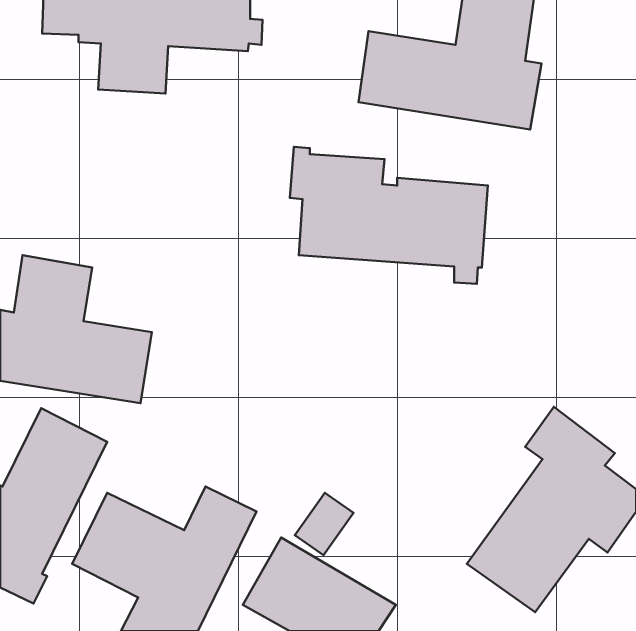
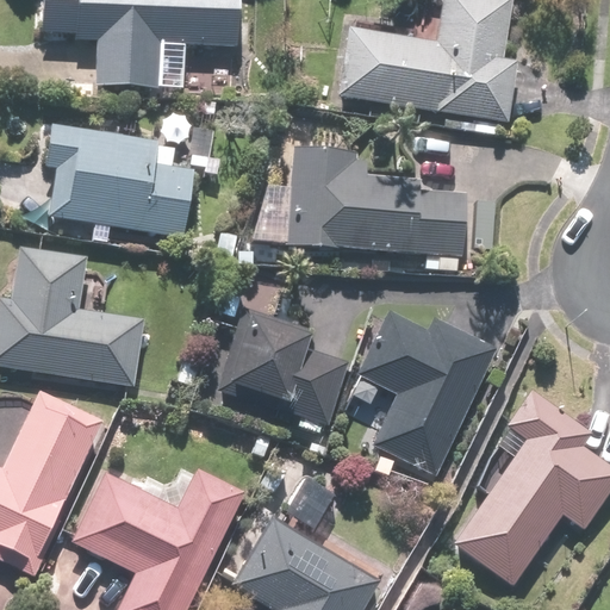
building: none -> [48,126,194,236]
building: none -> [212,303,346,431]
building: none -> [355,310,496,474]

